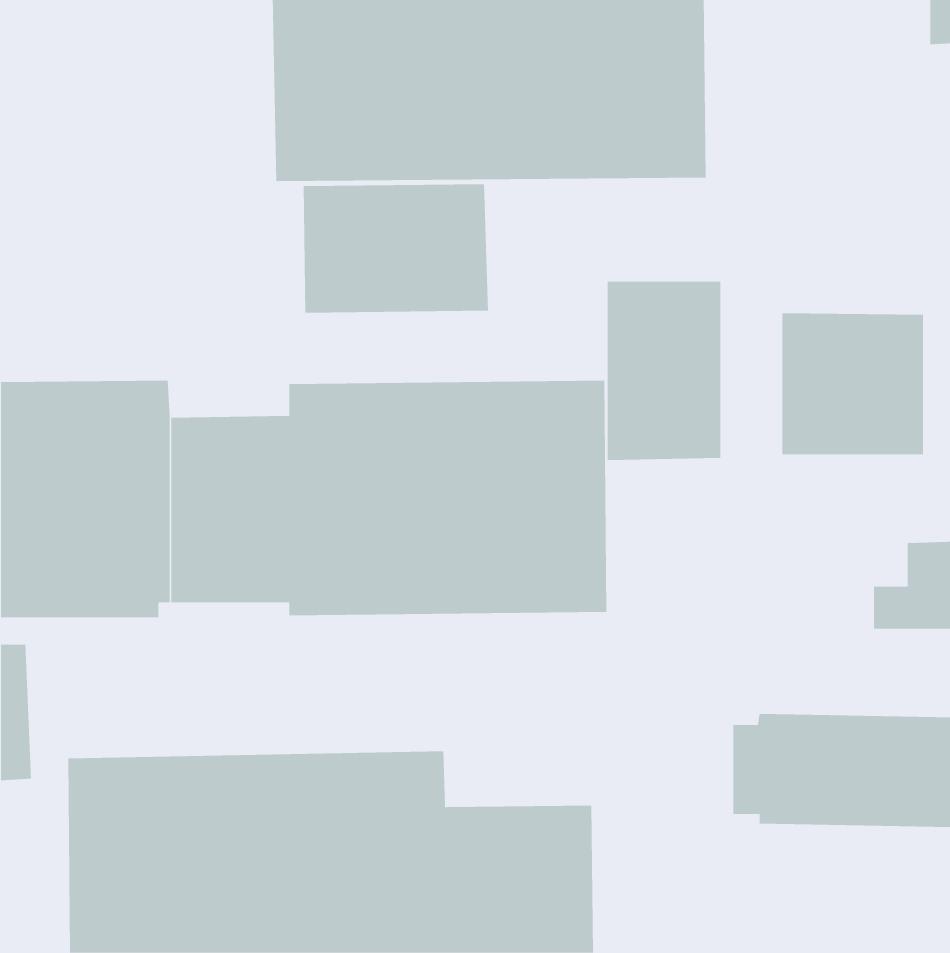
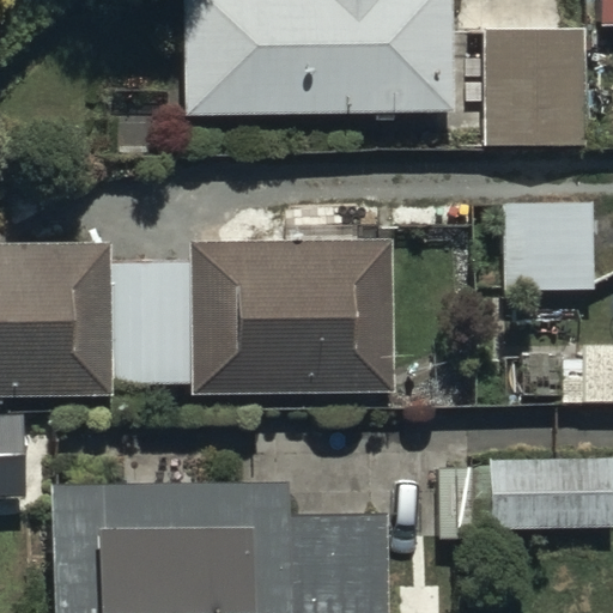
building: none -> [485,31,584,145]
building: [303,184,488,313] -> none
building: [607,281,721,461] -> none

